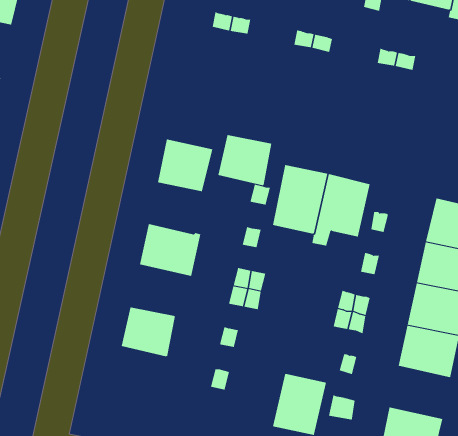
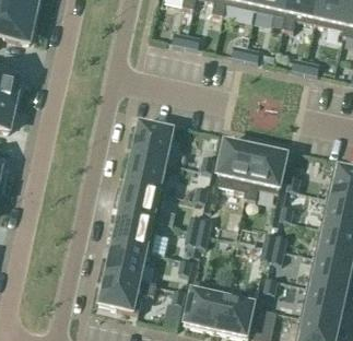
building: [218,134,272,186] -> [126,154,165,191]
building: none -> [113,213,157,252]
building: none -> [99,272,155,311]
building: none -> [184,280,226,330]
building: none -> [299,286,344,325]

